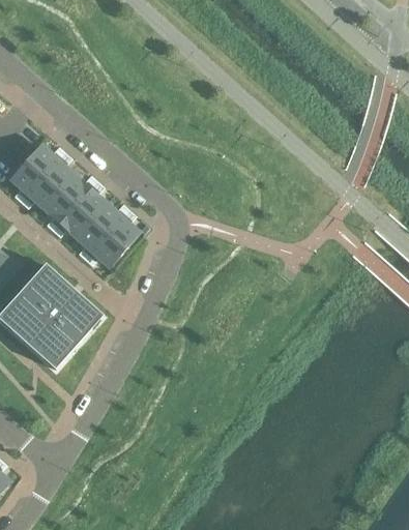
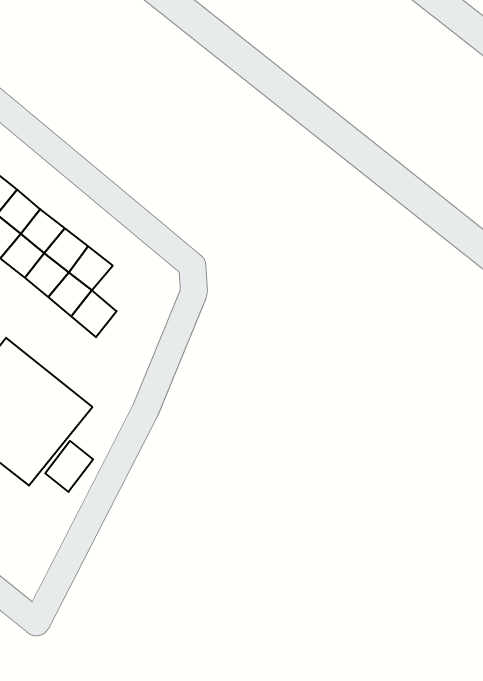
building: [107,216,139,248] -> none
building: none -> [45,441,93,492]

